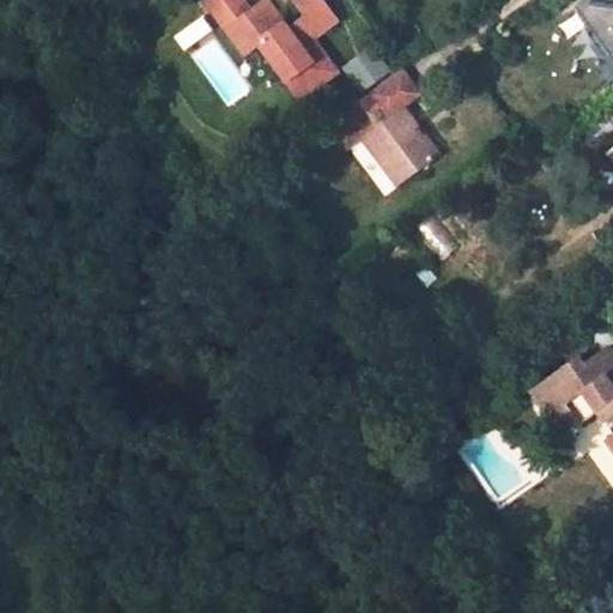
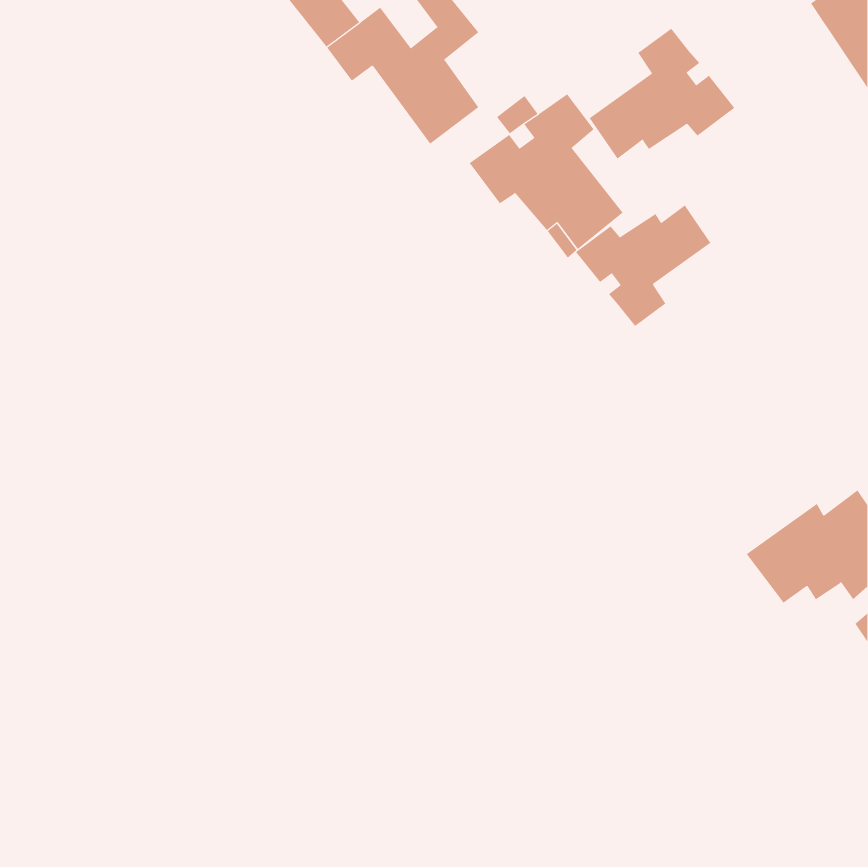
building: none -> [589,28,735,159]
building: none -> [575,204,711,327]

